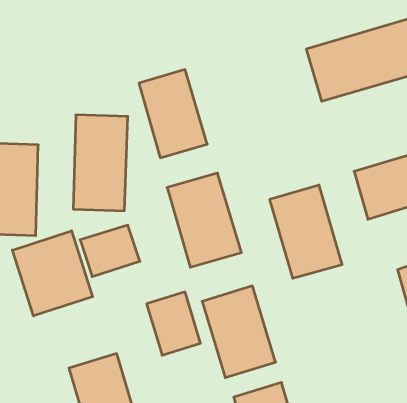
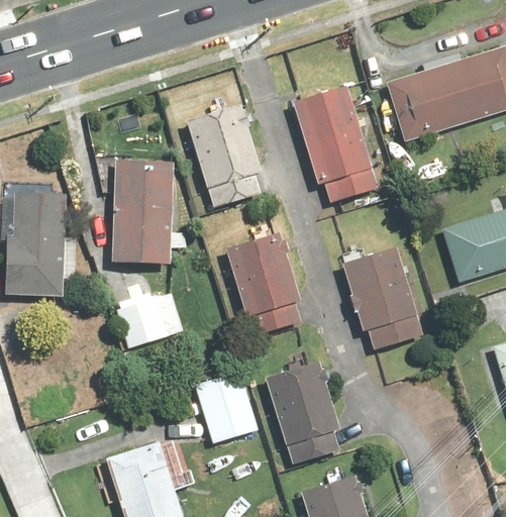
building: none -> [290,87,379,209]
building: [12,231,93,316] -> none

